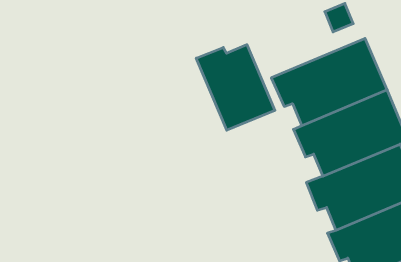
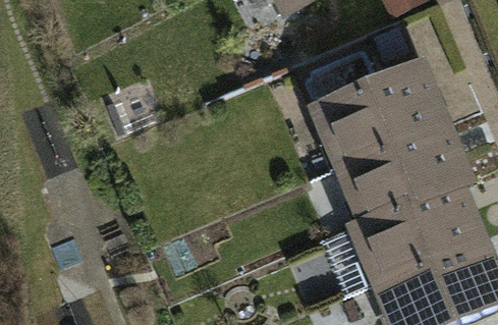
building: [196,45,275,130] -> none

